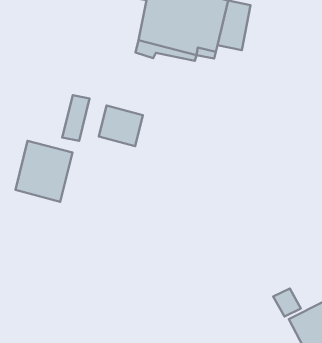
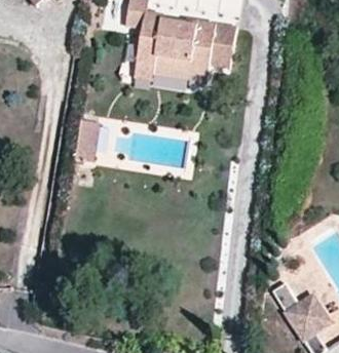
building: [99,106,143,146] -> none
building: [15,141,72,202] -> none

